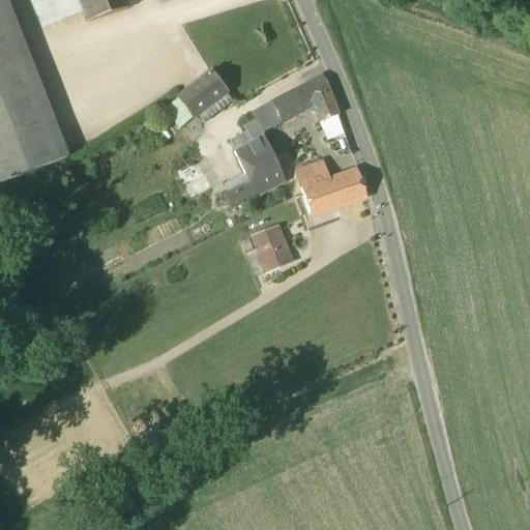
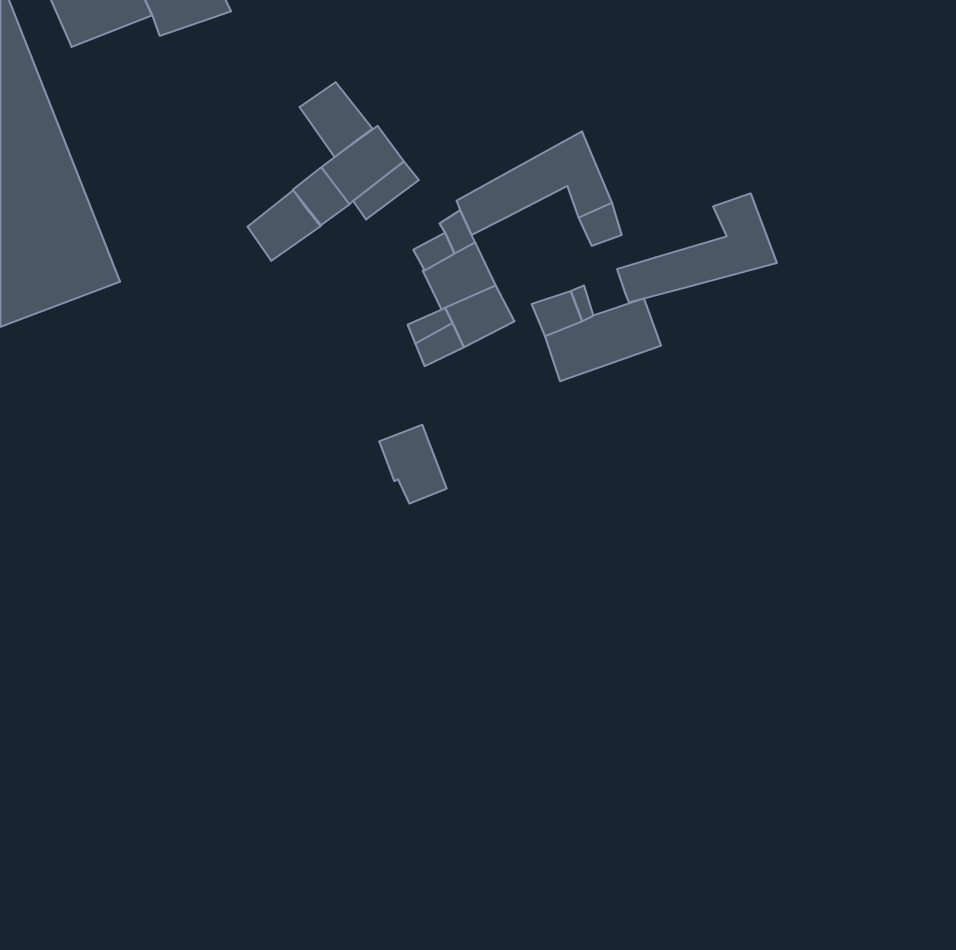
building: none -> [299,82,373,157]
building: none -> [247,190,321,261]
building: none -> [617,193,777,302]
building: [254,225,291,268] -> [379,425,447,504]

